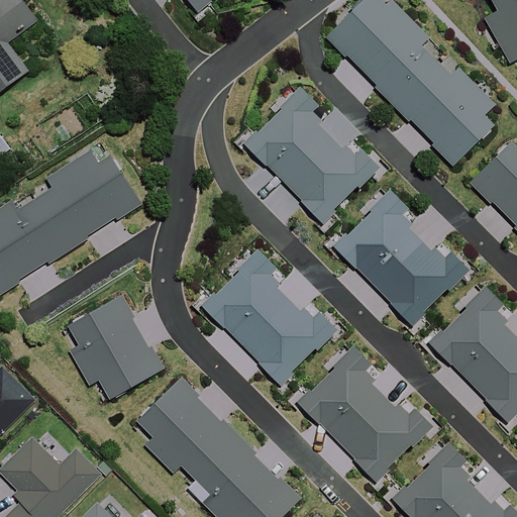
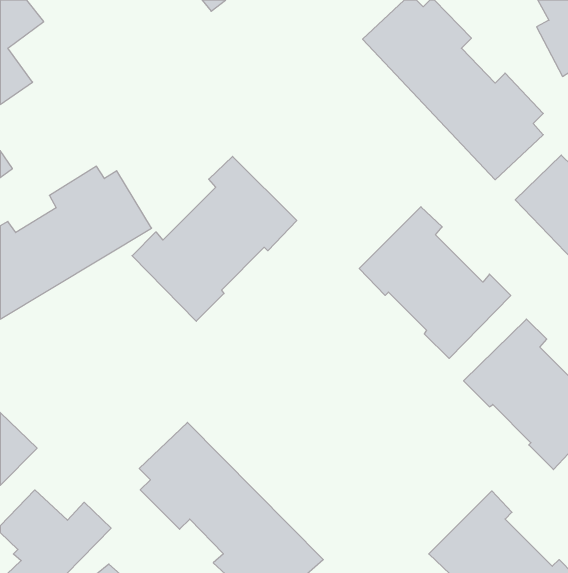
building: [240,87,377,223] -> none
building: none -> [132,156,297,321]
building: [200,248,337,385] -> none
building: [67,295,163,400] -> none
building: [296,346,432,483] -> none

